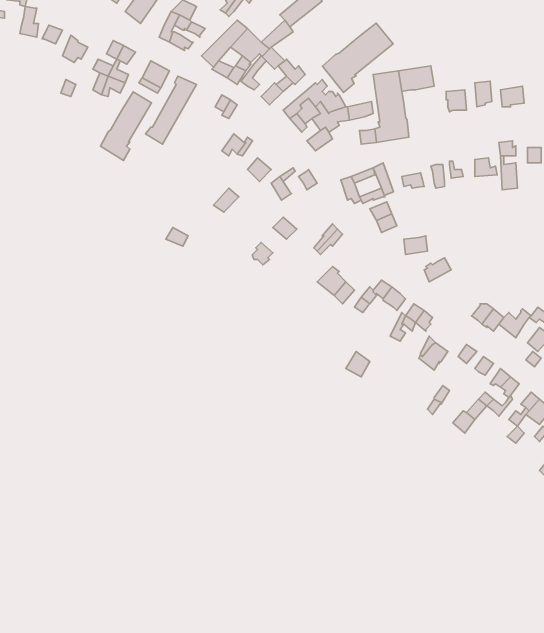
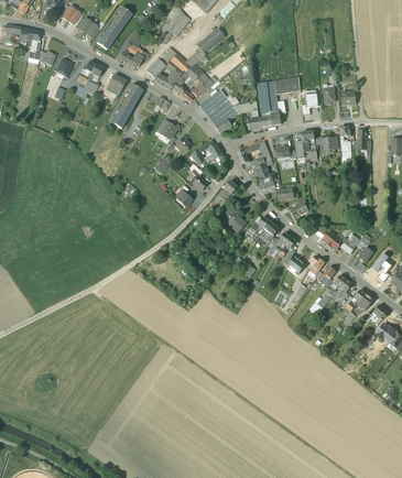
building: [323,23,393,93] -> none
building: [101,92,152,160] -> none

